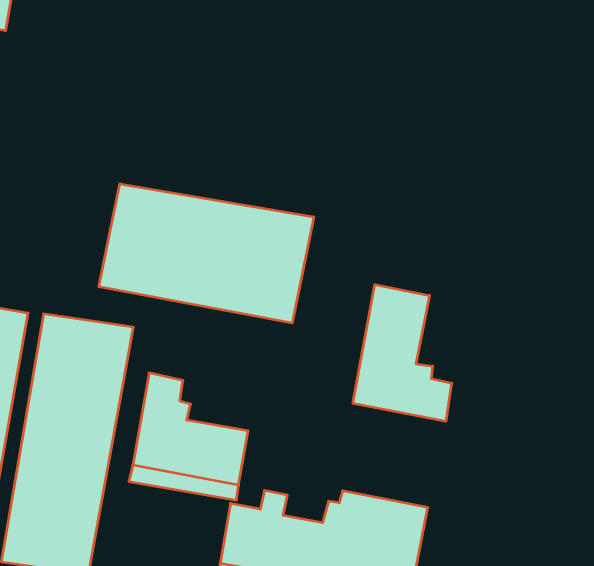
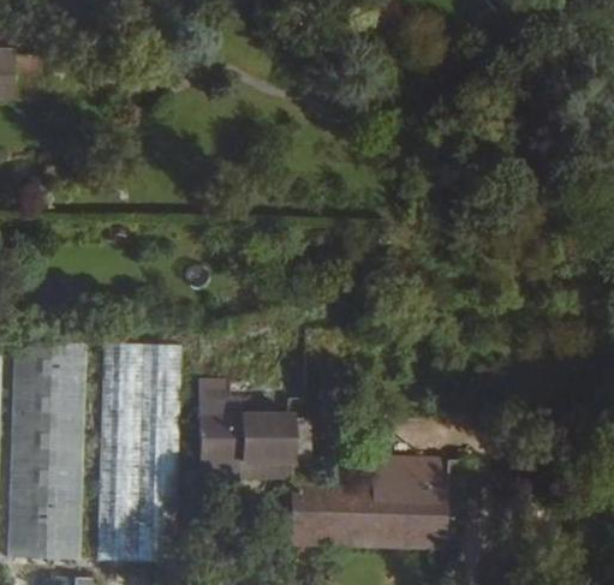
building: [99,184,314,323] -> none
building: [353,285,452,421] -> none

